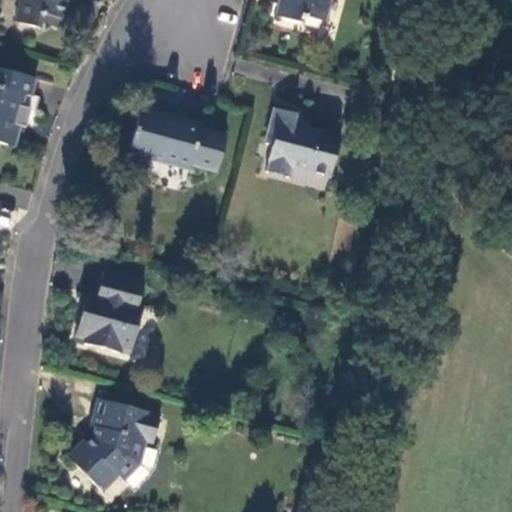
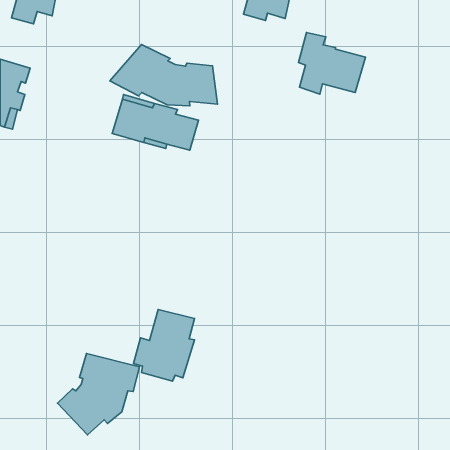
building: none -> [110,45,218,106]
building: [265,108,341,178] -> [299,32,366,94]
building: [75,271,144,352] -> [134,310,194,381]

